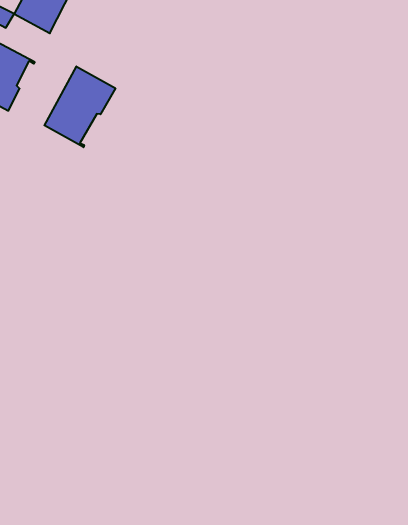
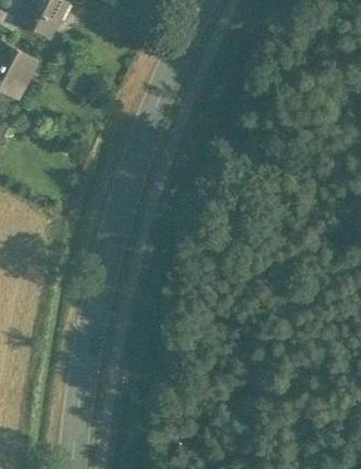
building: [44,66,115,147] -> none

